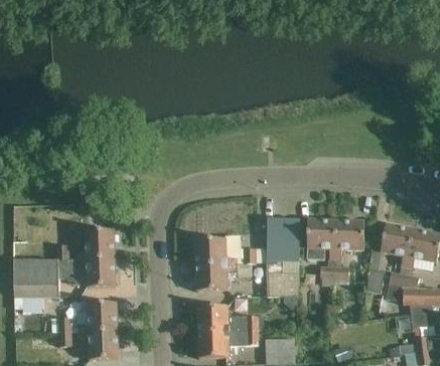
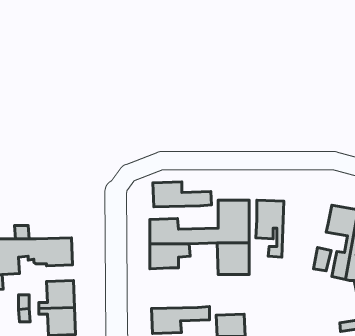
building: [333,219,363,278] -> none
building: [77,229,114,258] -> none
building: [196,305,258,331] -> [153,182,212,207]

